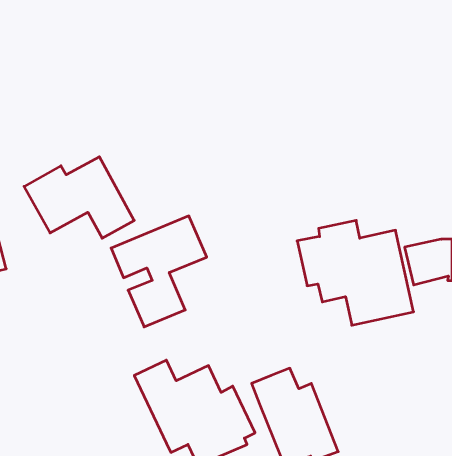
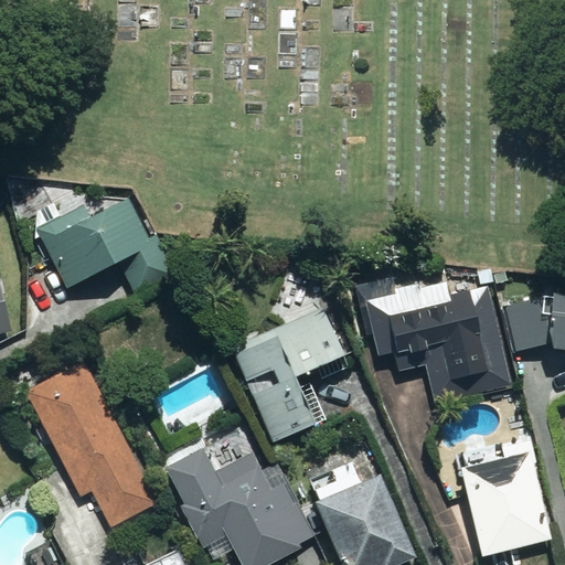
building: [111,216,207,327] -> [230,305,348,441]
building: none -> [30,361,154,527]
building: none -> [441,437,552,554]

